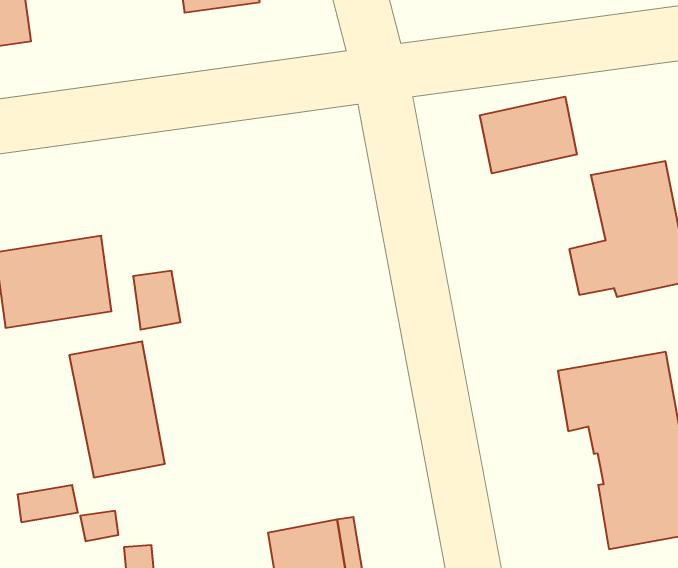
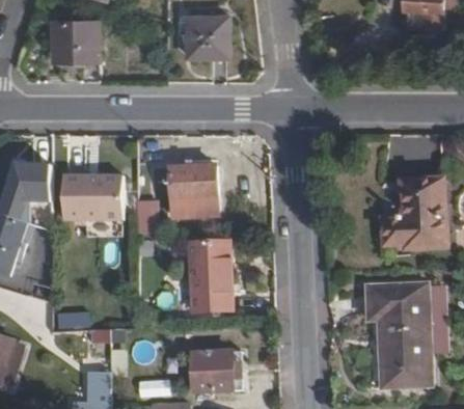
building: [480,97,577,173] -> none
building: none -> [170,165,218,217]
building: [69,341,165,477] -> [188,241,233,312]

